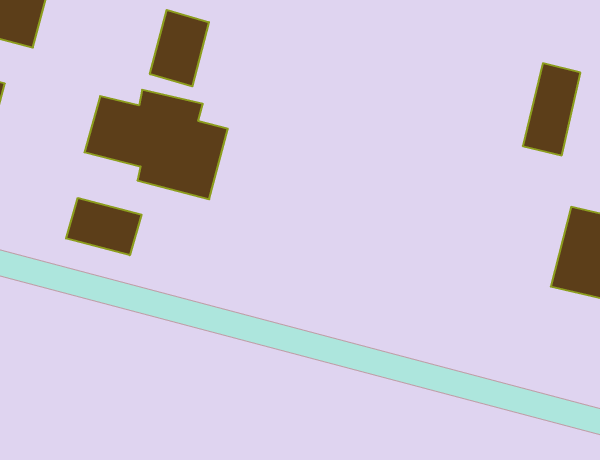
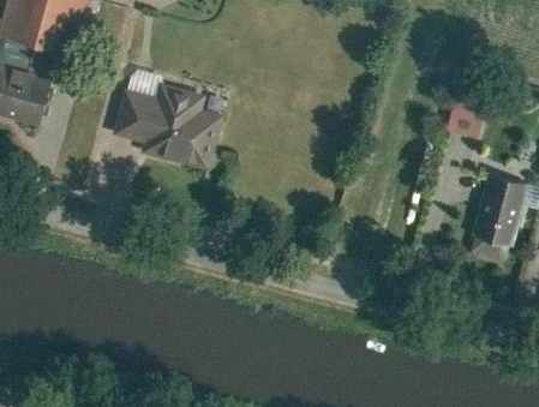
building: [150,10,209,86] -> none
building: [66,198,142,255] -> none

